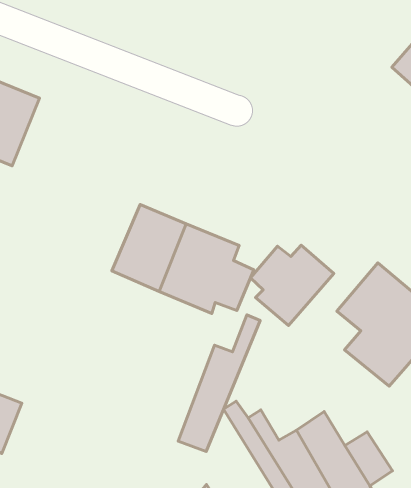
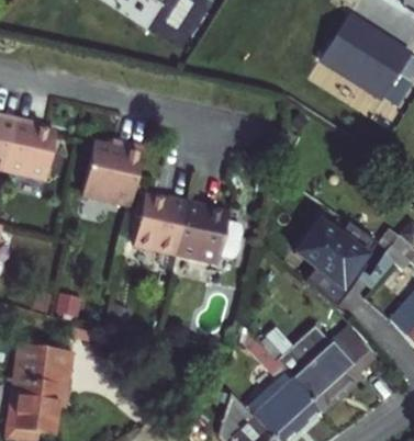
building: none -> [81,133,145,202]
building: [251,245,334,326] -> none
building: [178,315,260,451] -> none

